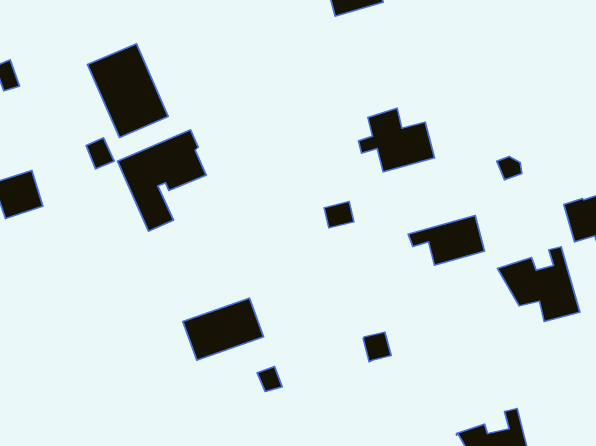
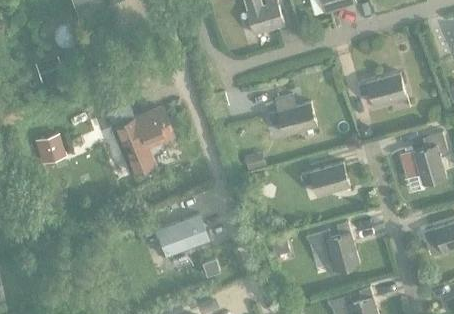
building: [87,44,168,138] -> none
building: none -> [357,73,406,105]
building: [497,247,580,321] -> [306,222,359,270]

